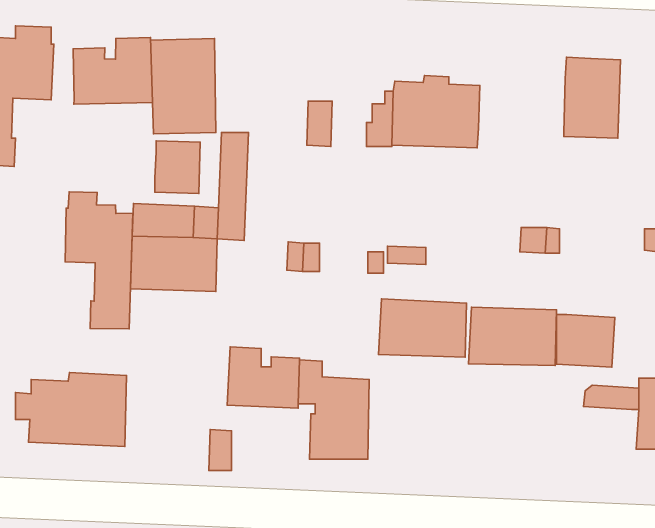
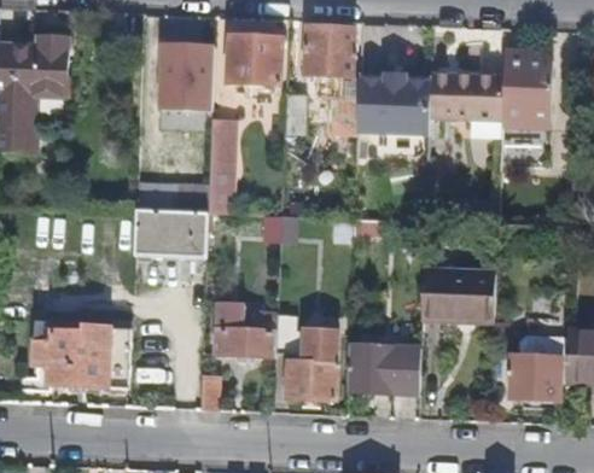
building: none -> [303,27,354,76]
building: none -> [227,35,283,86]
building: [73,38,152,104] -> none
building: none -> [430,72,503,139]
building: [65,192,133,329] -> none
building: [379,299,467,357] -> [346,344,421,393]
building: [556,315,615,367] -> [511,355,560,399]

